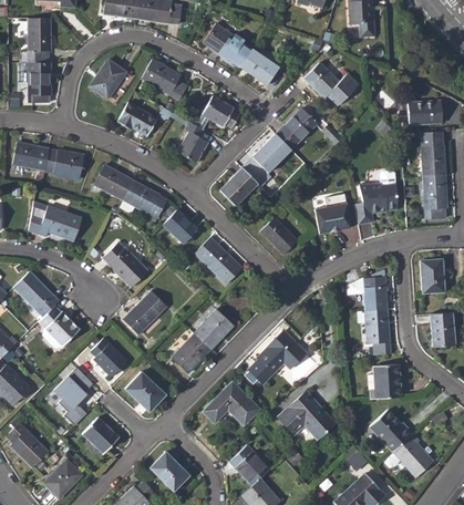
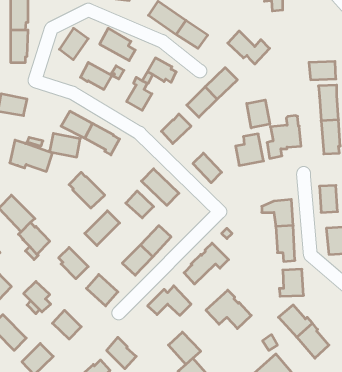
building: [45,148,84,178] -> [50,133,80,157]
building: none -> [247,100,270,128]
building: [162,209,197,244] -> [126,191,154,218]

